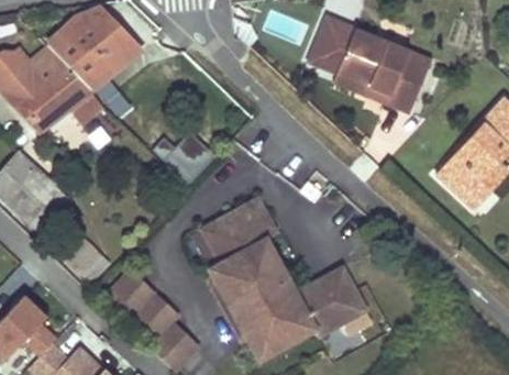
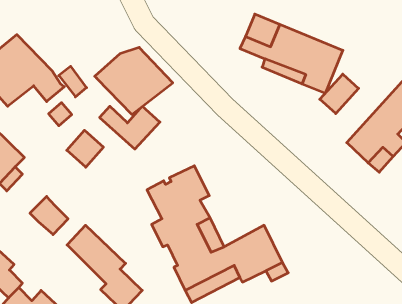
building: [46,8,139,87] -> [95,47,173,114]
building: none -> [320,74,359,114]
building: none -> [67,130,103,167]

